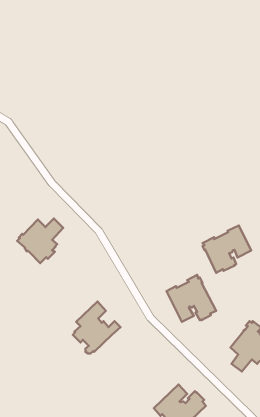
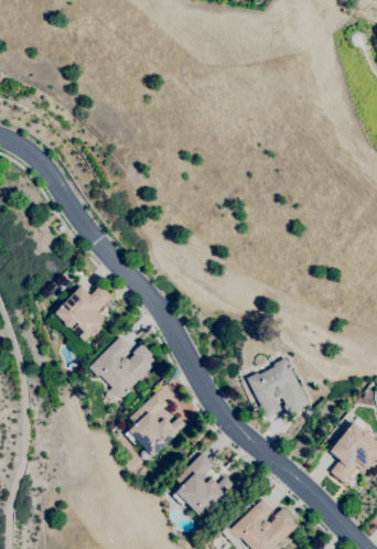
building: [202,226,251,273] -> none
building: none -> [88,335,157,398]
building: none -> [172,452,234,517]

